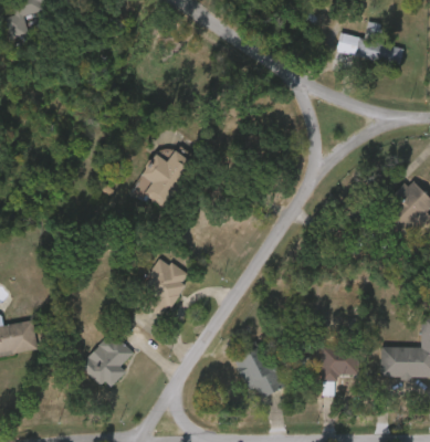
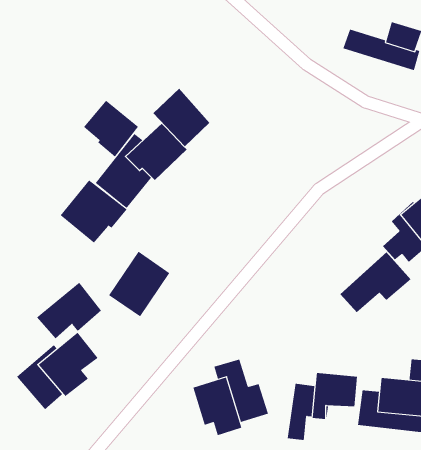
building: none -> [153,88,210,147]
building: none -> [83,100,139,157]
building: none -> [60,180,127,244]
building: none -> [340,251,411,313]
building: none -> [36,282,102,339]

